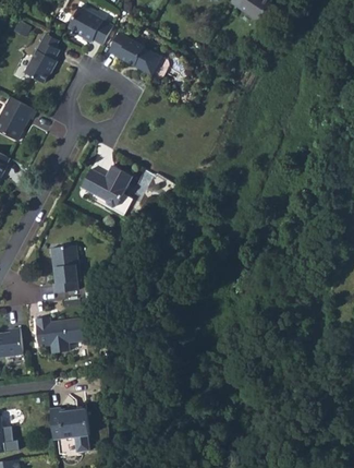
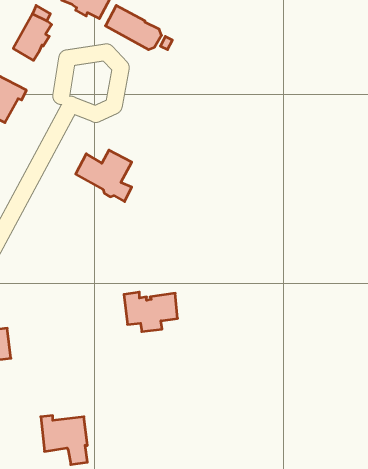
building: [50,244,80,292] -> none
building: [35,316,84,352] -> [124,292,178,332]

